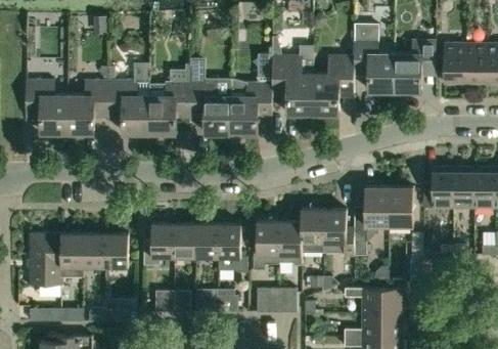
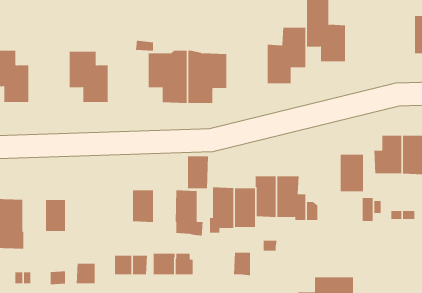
building: [395,41,436,92] -> none
building: [444,43,465,84] -> none
building: [272,56,313,115] -> none
building: [67,81,108,134] -> none
building: [149,83,190,134] -> none
building: [365,187,389,234] -> none
building: [143,224,174,265] -> none
building: [196,224,219,258] -> [187,156,209,189]
building: [61,234,84,277] -> none
building: [105,234,129,267] -> none
building: [257,289,279,312] -> none
building: [345,289,403,314] -> none

